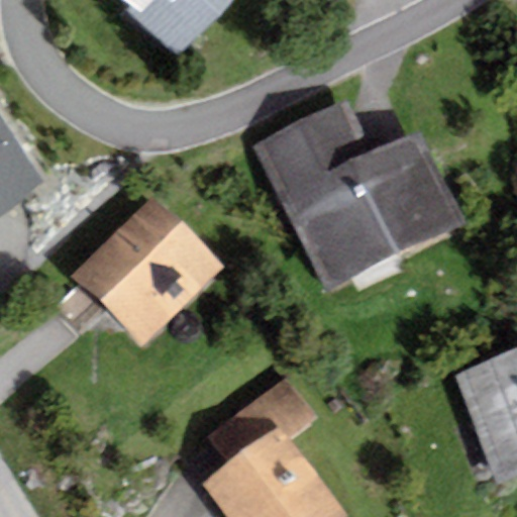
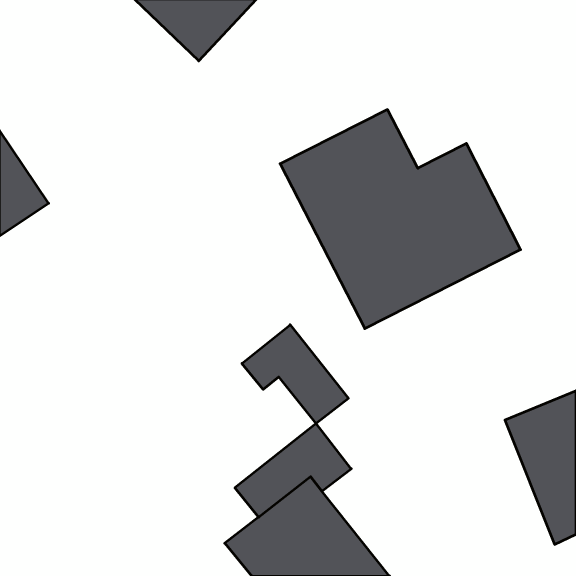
building: [75,196,224,344] -> none
building: none -> [242,325,348,424]

